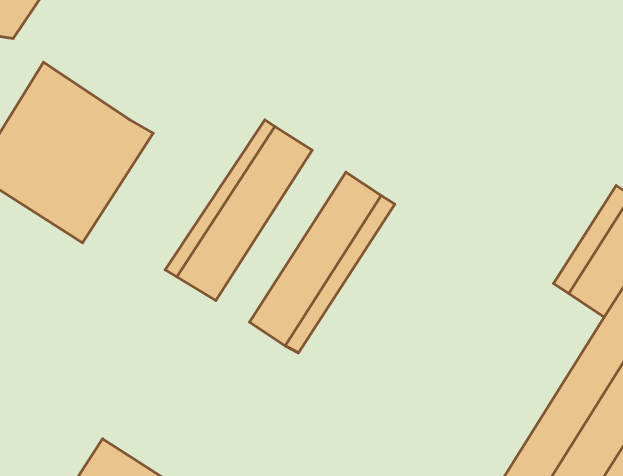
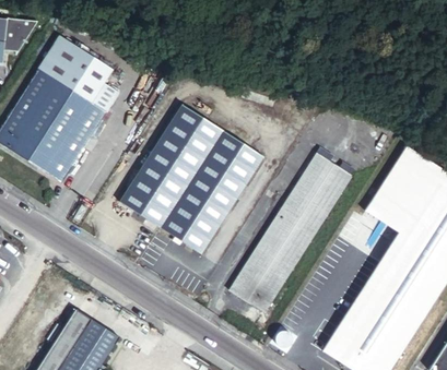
building: none -> [37,33,114,104]
building: none -> [149,123,233,235]
building: none -> [230,153,352,313]

